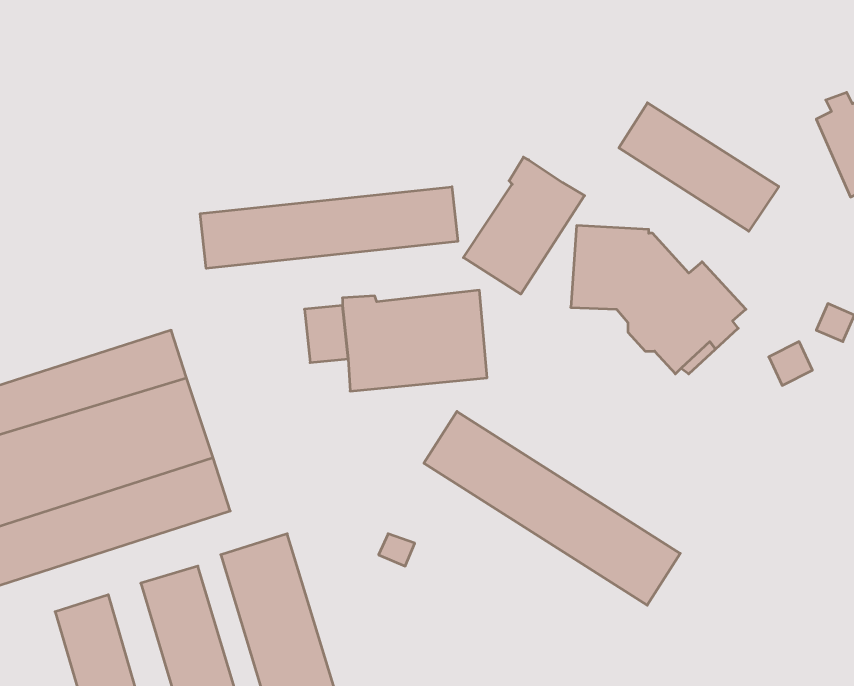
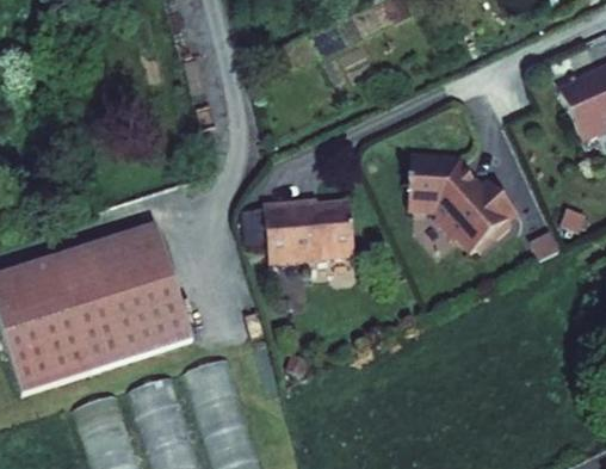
building: [619,103,779,231] -> none
building: [463,157,585,294] -> none
building: [200,187,458,268] -> none
building: [424,411,680,605] -> none

